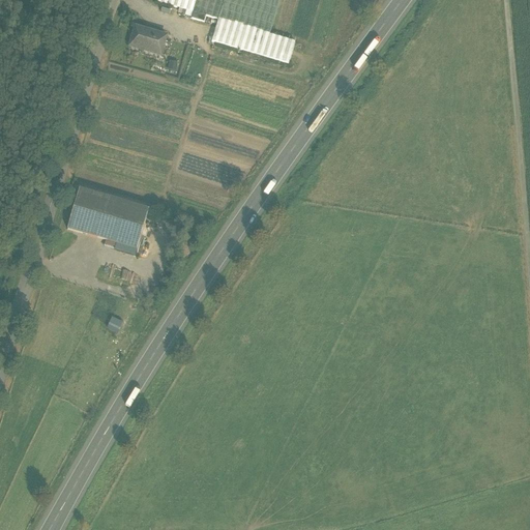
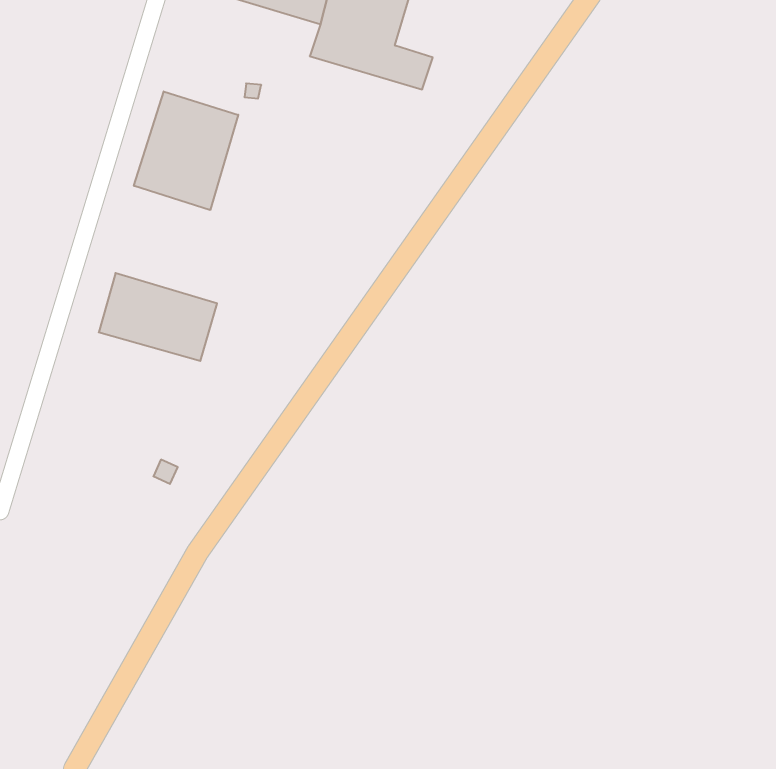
building: [129,25,166,54] -> none
building: none -> [134,91,238,210]

